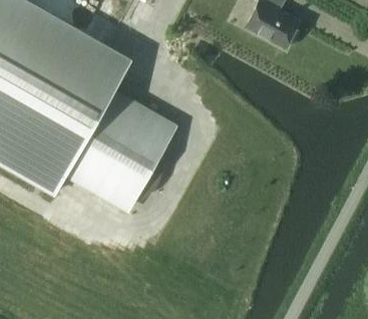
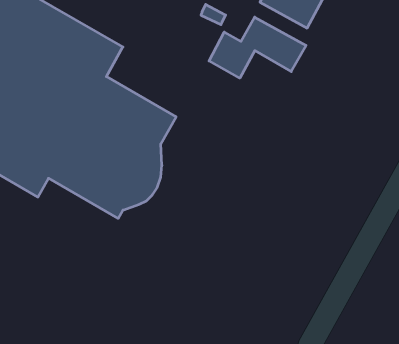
building: none -> [209,17,306,78]

